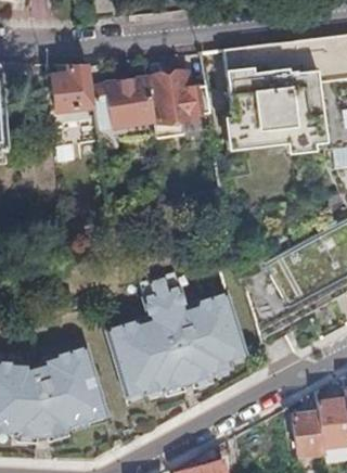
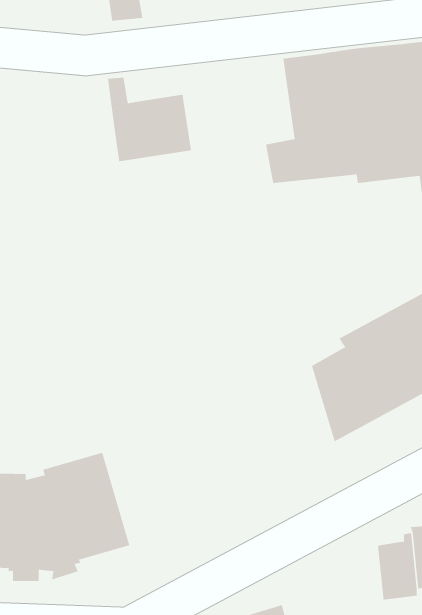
building: [51,64,94,108] -> none
building: [146,71,208,123] -> none
building: [104,274,246,398] -> none

